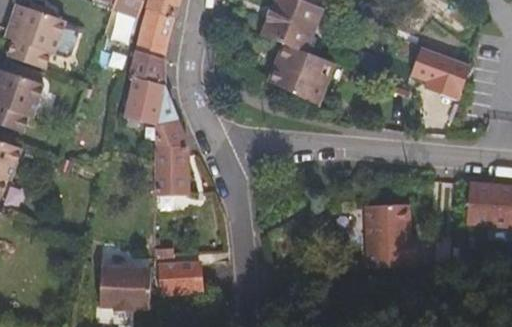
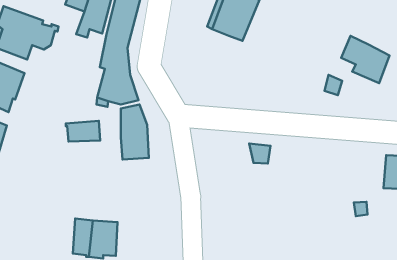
building: [272,43,330,98] -> none
building: none -> [66,121,100,141]
building: [350,196,406,263] -> none
building: [160,252,201,283] -> none

